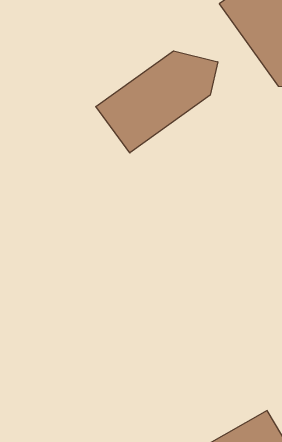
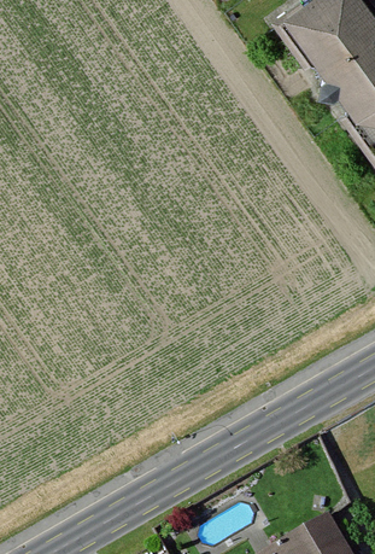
building: [96,51,218,153] -> none

